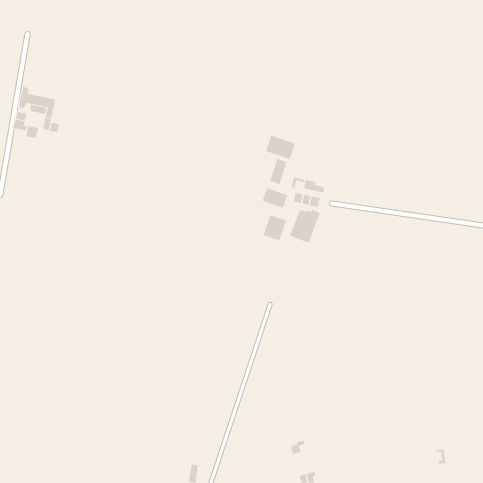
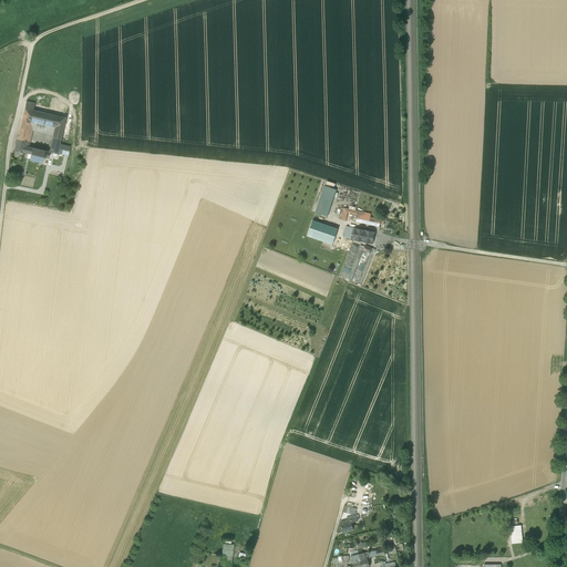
building: [266,135,296,160] -> none
building: [263,214,287,241] -> none

